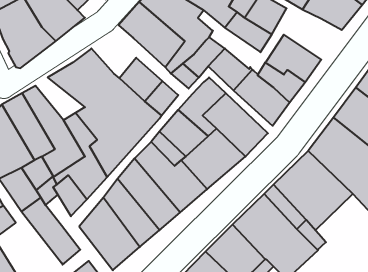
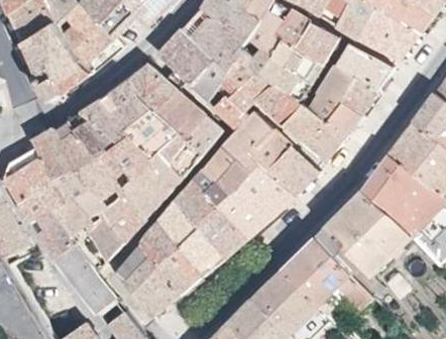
building: none -> [337,40,393,90]
building: none -> [256,49,312,100]
building: none -> [129,63,178,110]

